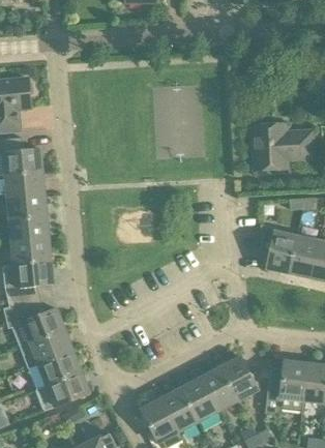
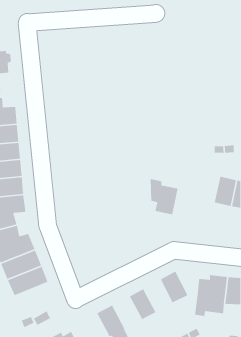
building: [250,122,315,169] -> none
building: [261,223,297,270] -> [150,178,178,215]
building: [201,366,237,409] -> none
building: [36,370,89,410] -> none
building: [161,388,199,429] -> none

